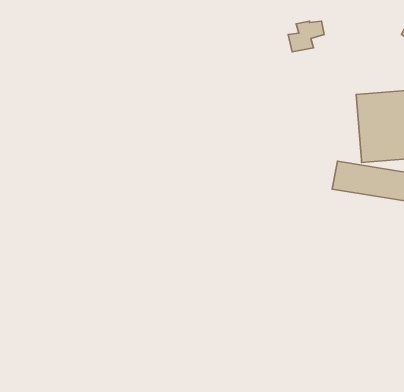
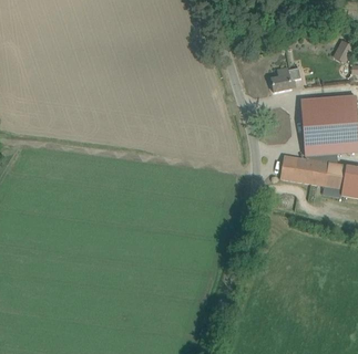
building: [288,21,324,52] -> [270,66,300,92]

